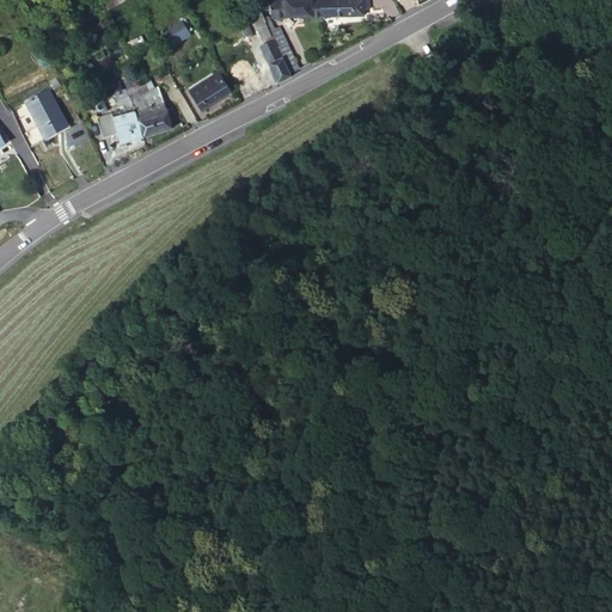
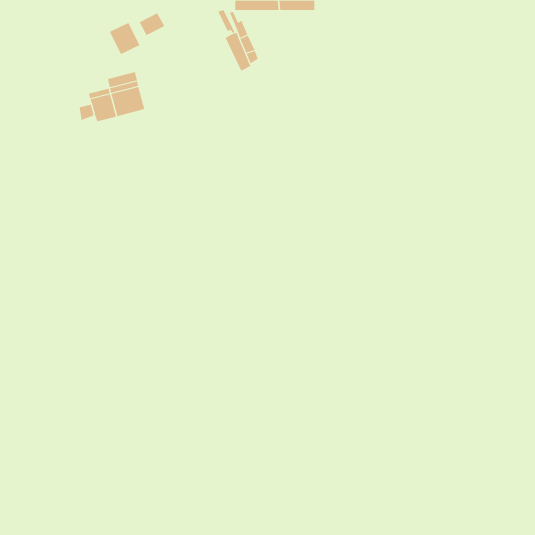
building: none -> [109,22,140,55]
building: [185,72,227,109] -> none
building: [30,94,71,153] -> none

